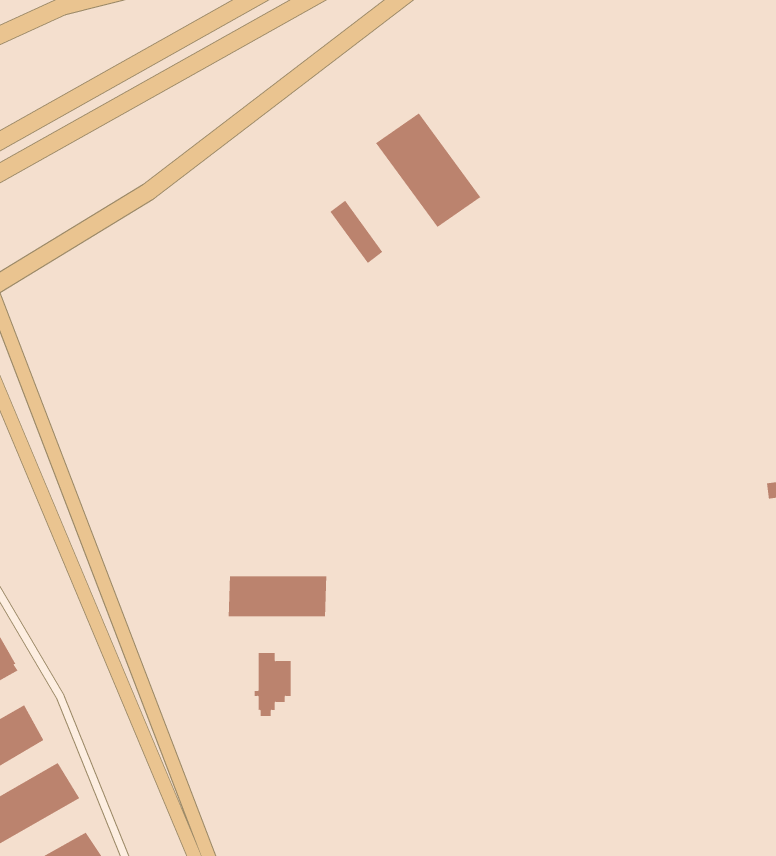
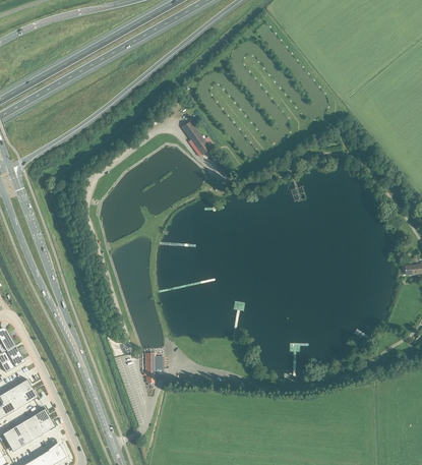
building: [375,112,481,228] -> none
building: [228,575,327,617] -> none

